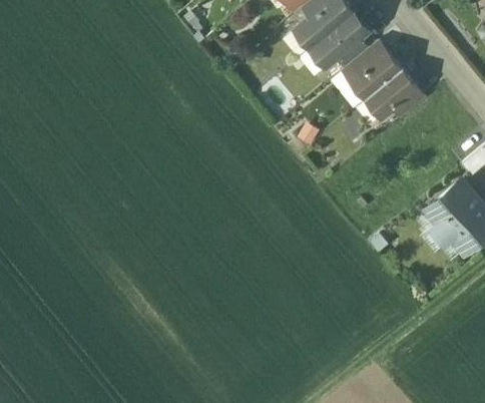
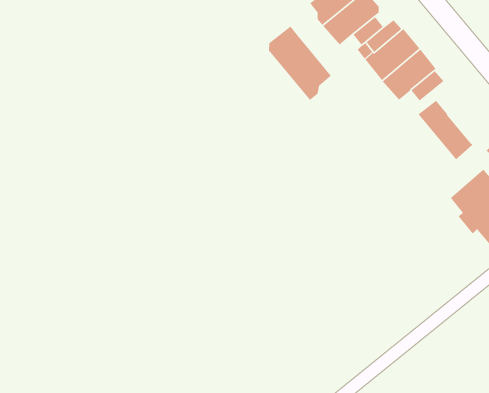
building: none -> [268,26,332,101]
building: none -> [418,100,473,160]

